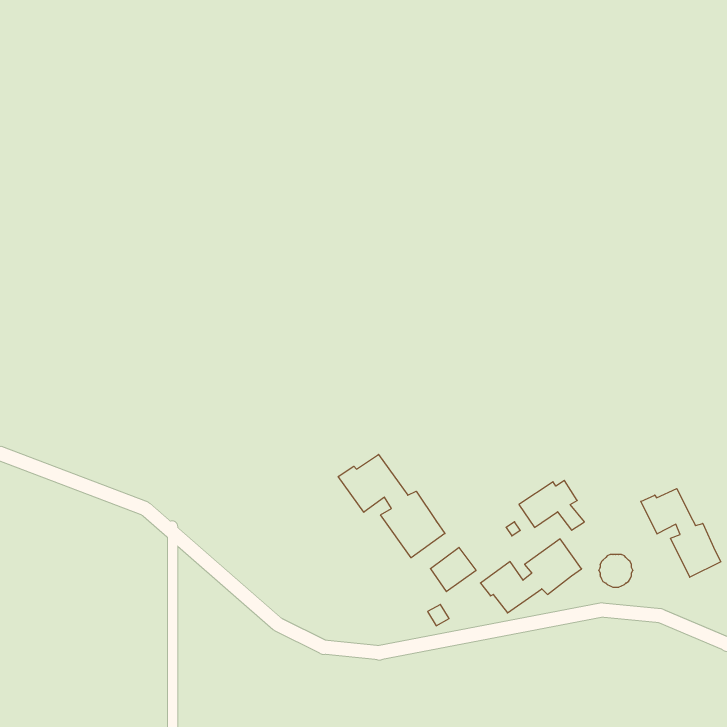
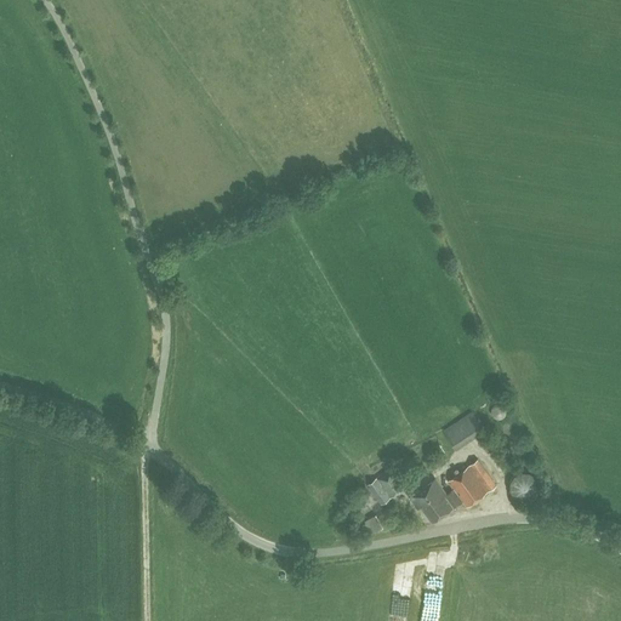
building: [338,454,445,558] -> none
building: [641,489,721,577] -> none

